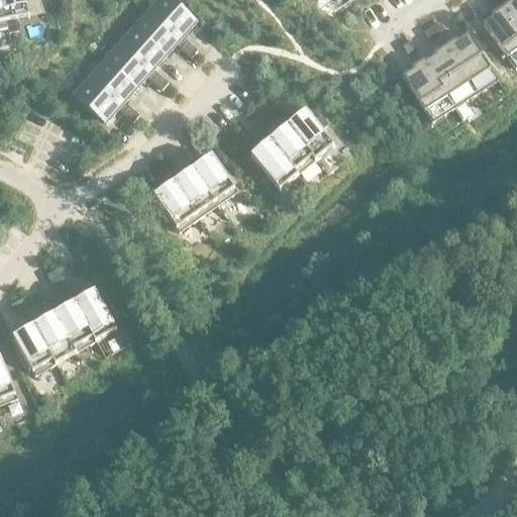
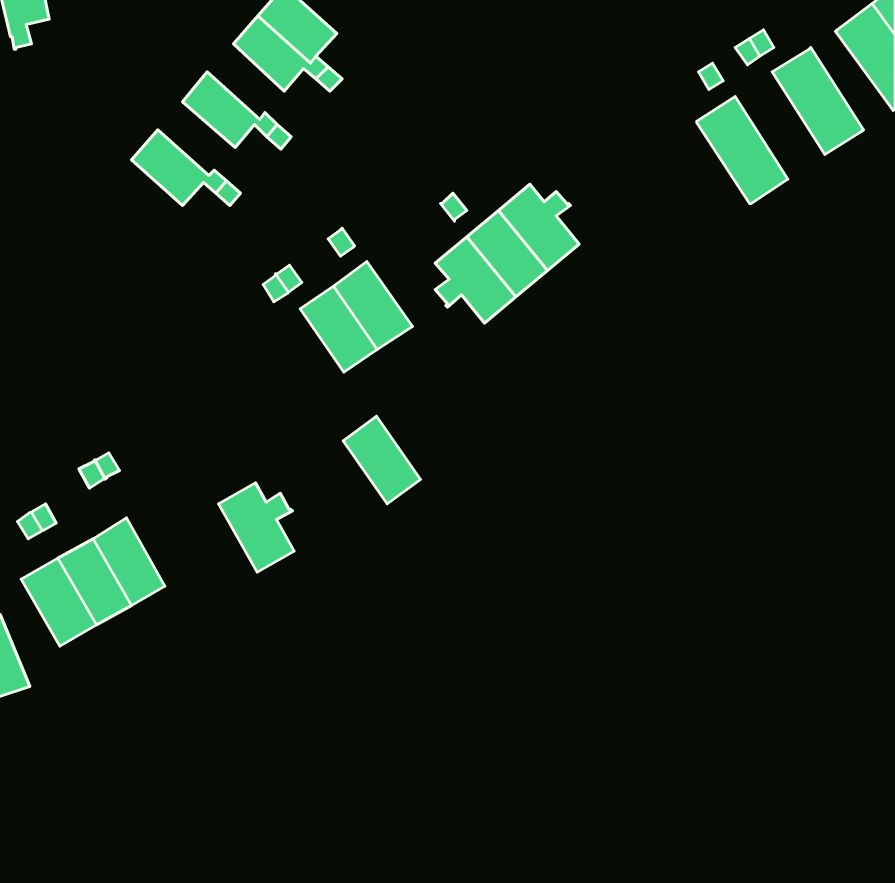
building: [119,25,164,69] -> none
building: [423,41,475,103] -> none
building: [91,59,135,101] -> none
building: [153,178,198,228] -> [343,416,420,504]
building: [73,286,116,337] -> [219,483,294,572]

